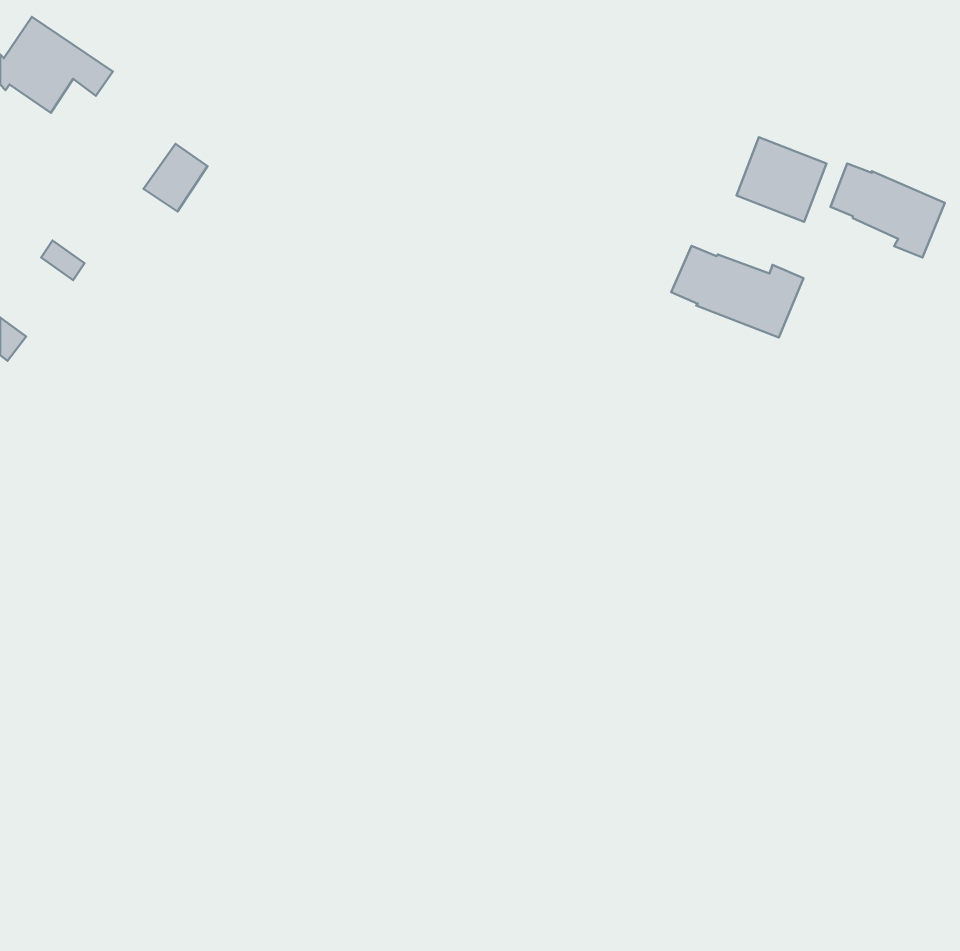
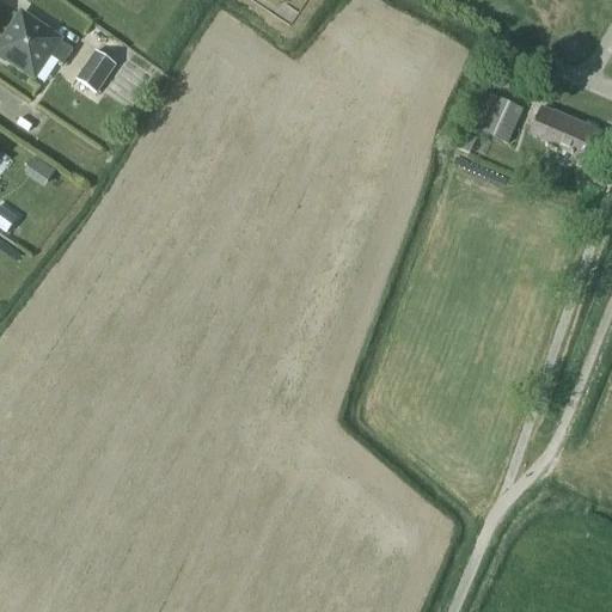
building: [144,144,207,211] -> [74,47,115,90]
building: [671,246,803,338] -> none

